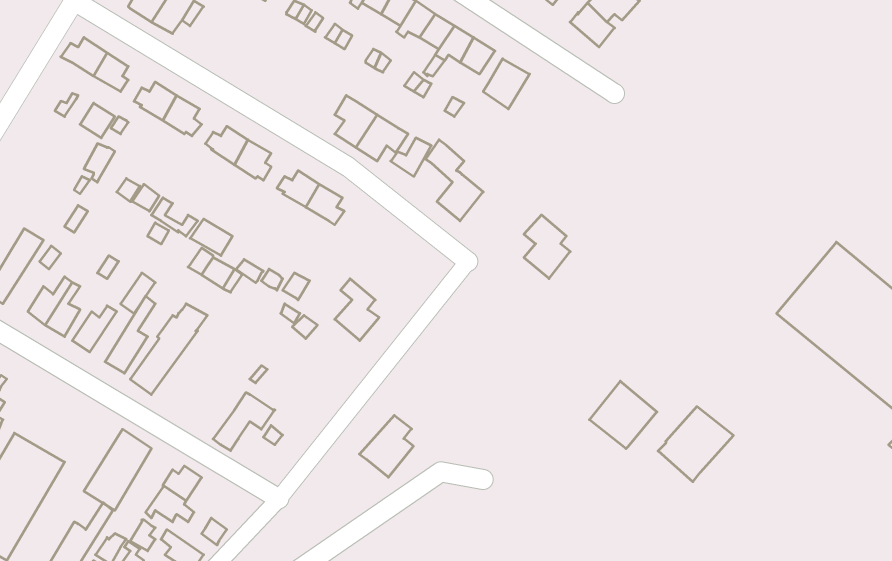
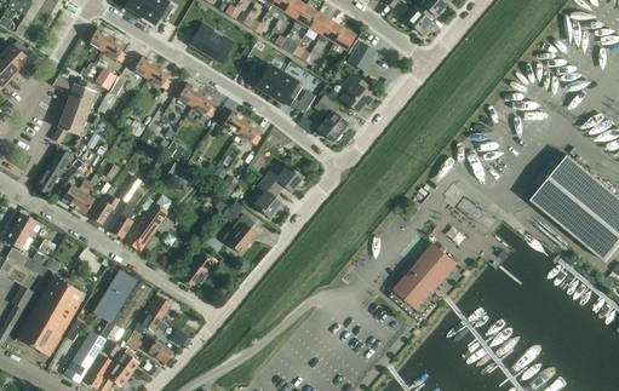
building: none -> [188,22,234,64]
building: none -> [52,75,96,142]
building: [524,215,570,279] -> [343,73,372,113]
building: none -> [264,165,303,191]
building: [658,407,733,482] -> [390,266,437,314]
building: [359,415,413,477] -> [222,213,256,252]

